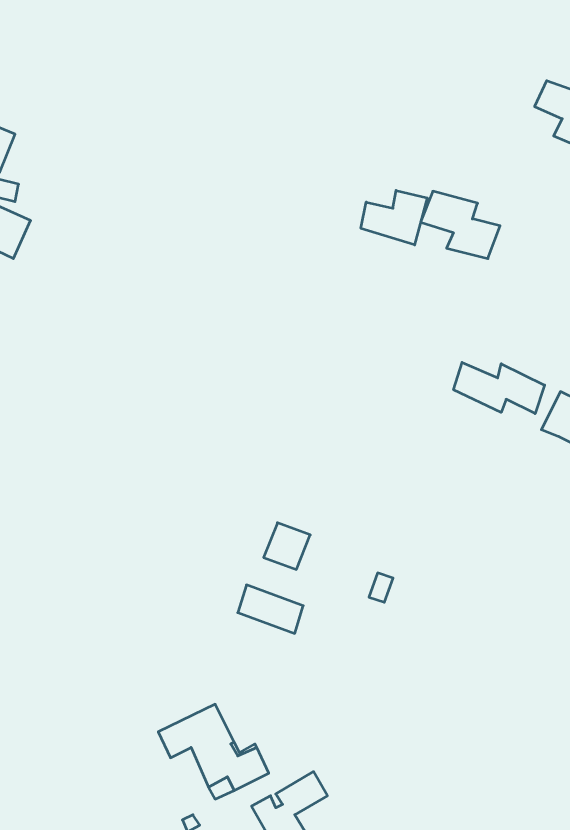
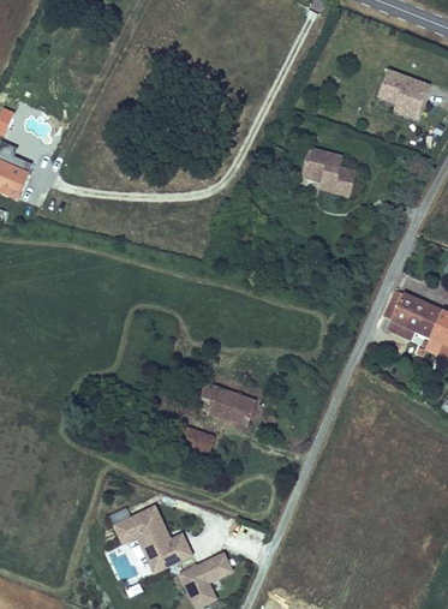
building: [361,190,427,245] -> none
building: [454,362,545,414] -> none
building: none -> [213,388,259,425]

